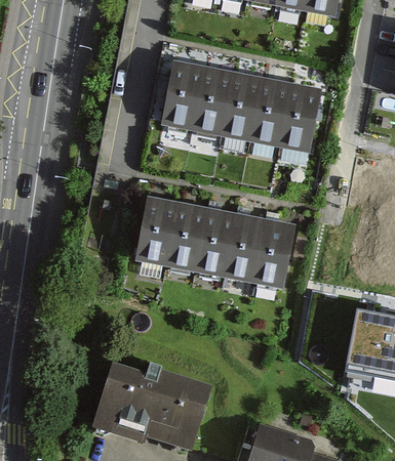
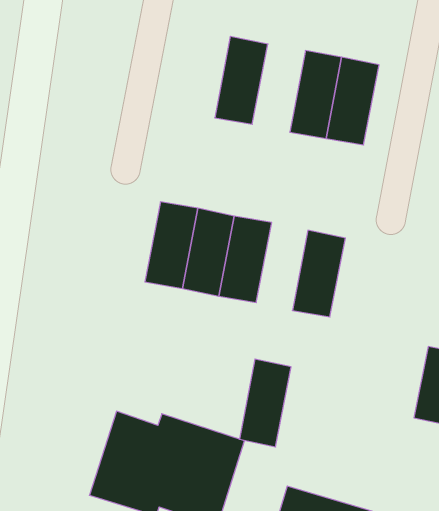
building: [161,59,202,129] -> none
building: [220,71,262,140] -> none
building: [223,212,264,282] -> [239,359,291,447]

